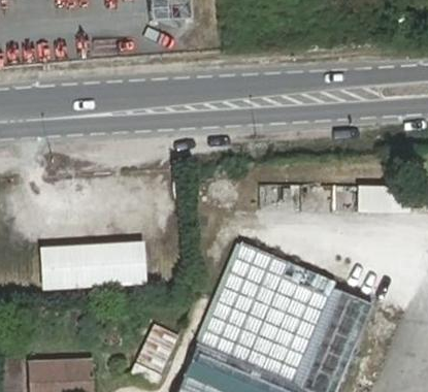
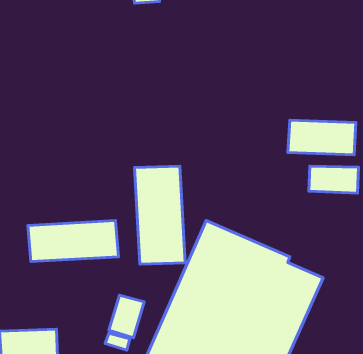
building: none -> [288,120,356,155]
building: none -> [135,166,185,264]

